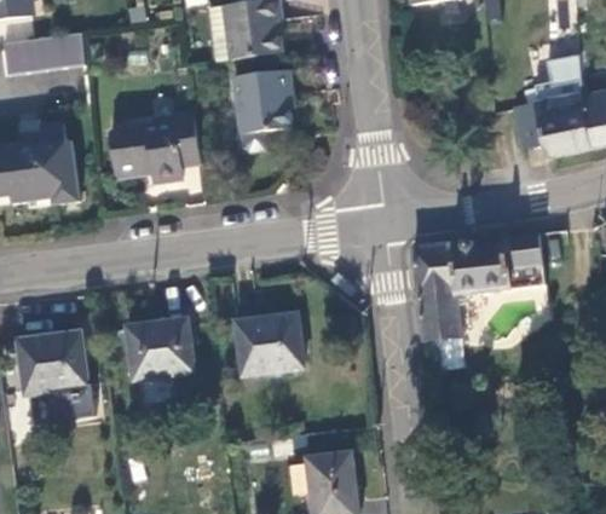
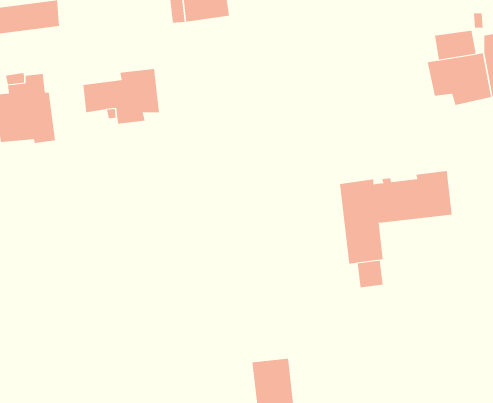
building: [235,70,293,151] -> none
building: [237,314,302,375] -> none
building: [128,319,195,380] -> none
building: [19,333,88,393] -> none

